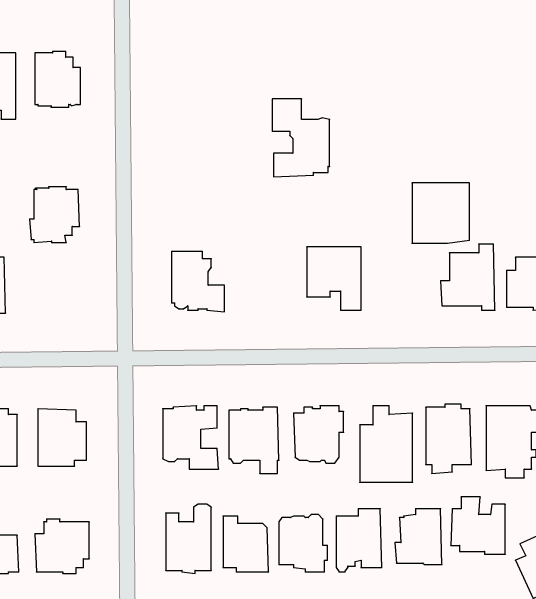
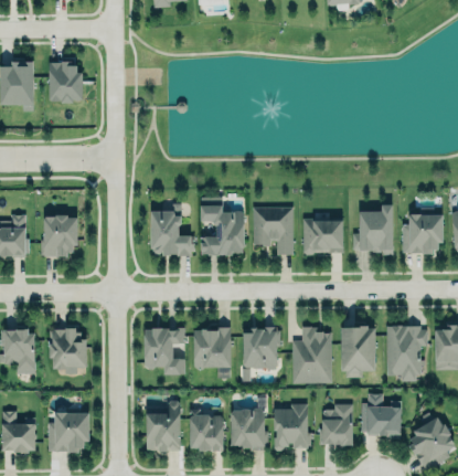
building: [272,99,330,177] -> [201,197,244,255]
building: [412,183,469,243] -> [301,213,344,258]
building: [30,187,80,243] -> [41,215,78,257]

